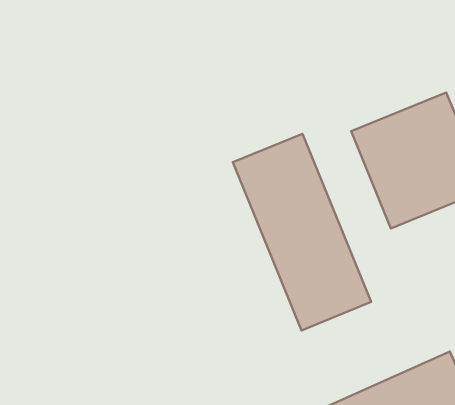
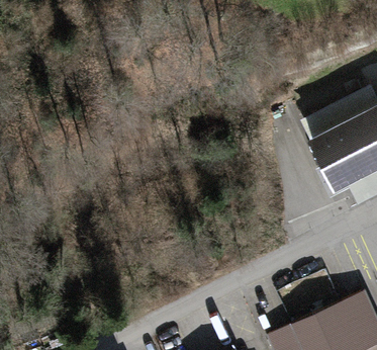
building: [233,134,371,330] -> none

